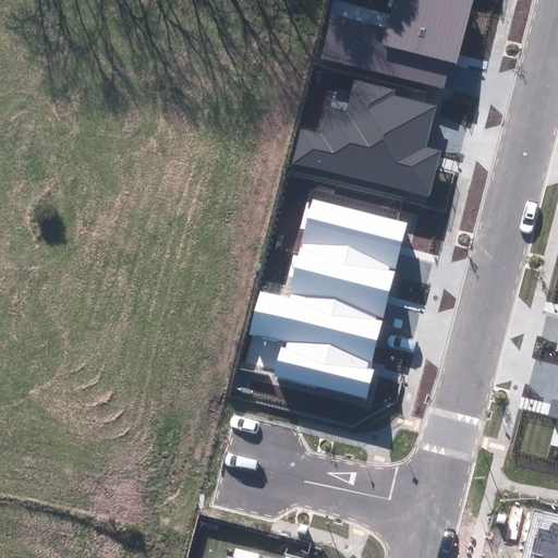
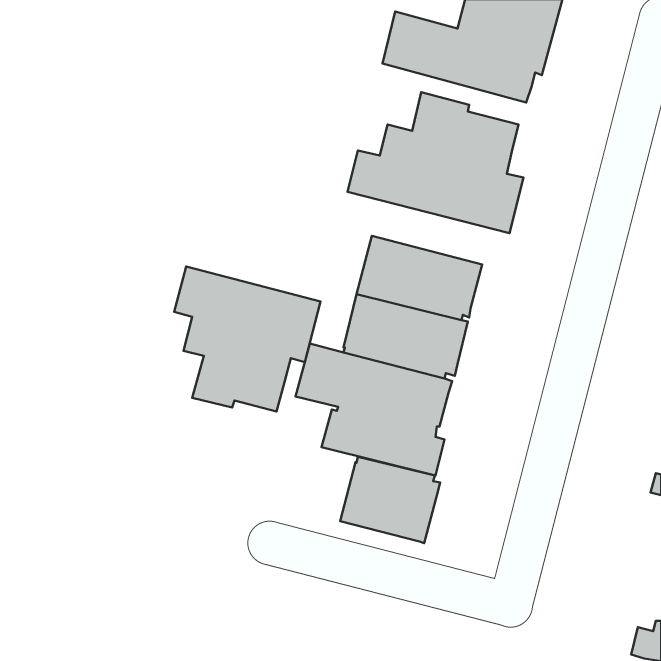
building: none -> [174,267,320,411]
building: none -> [340,457,440,543]

